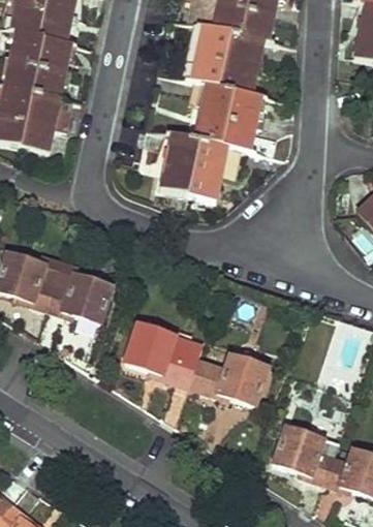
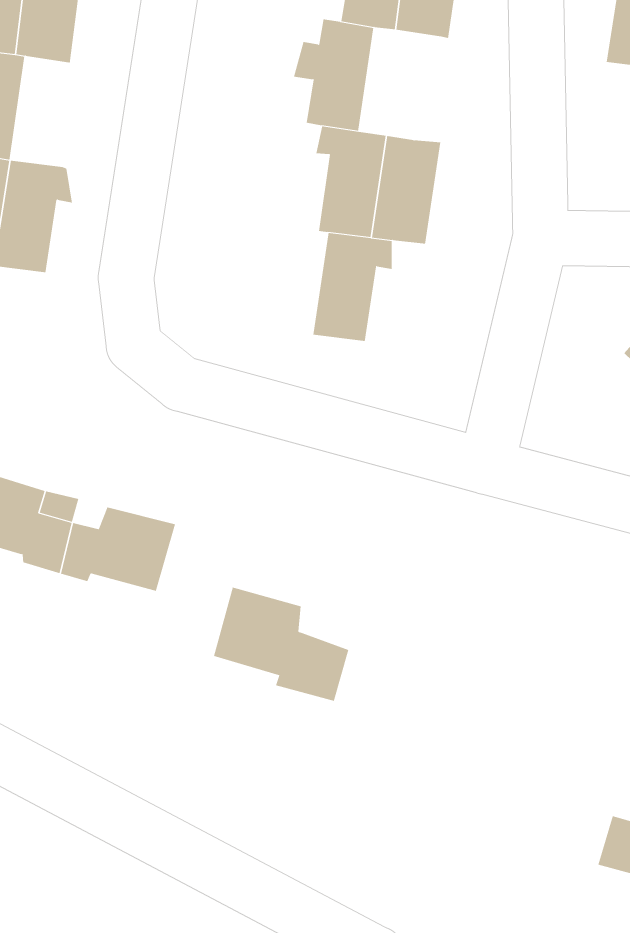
building: [219,30,266,91] -> none
building: [33,34,73,94] -> none
building: [160,130,199,191] -> none
building: [188,355,266,405] -> none
building: [275,426,336,482] -> none

